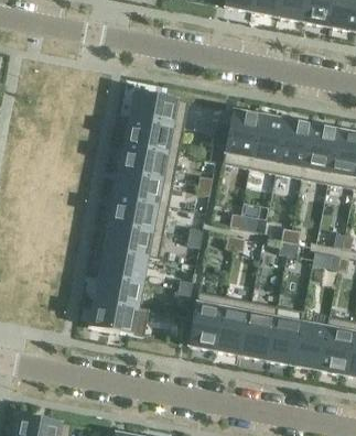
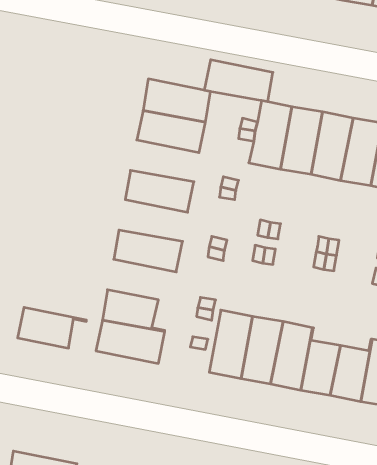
building: [119,142,179,178] -> [204,60,273,102]
building: [109,194,169,230] -> none
building: [99,246,159,281] -> [18,307,86,348]

